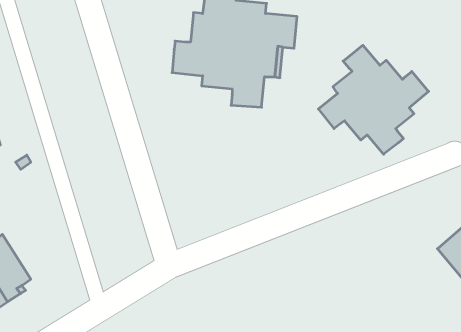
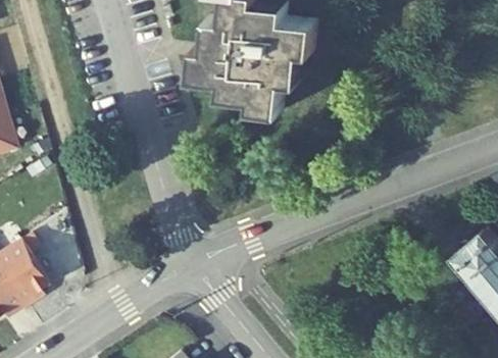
building: [318,45,429,154] -> none

